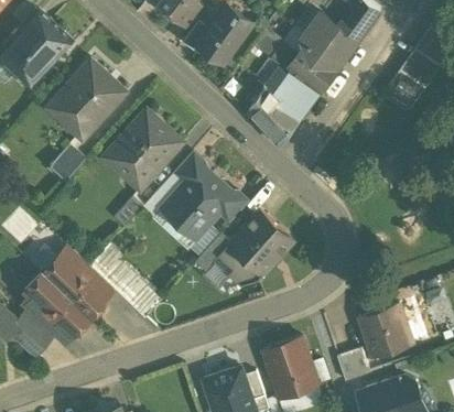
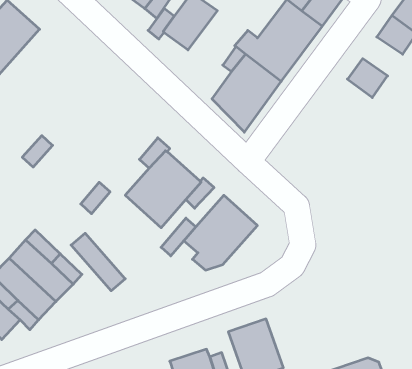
building: [399,48,440,88] -> none
building: [57,59,126,142] -> none
building: [109,109,182,191] -> none
building: [357,303,411,357] -> none
building: [336,347,369,380] -> none

